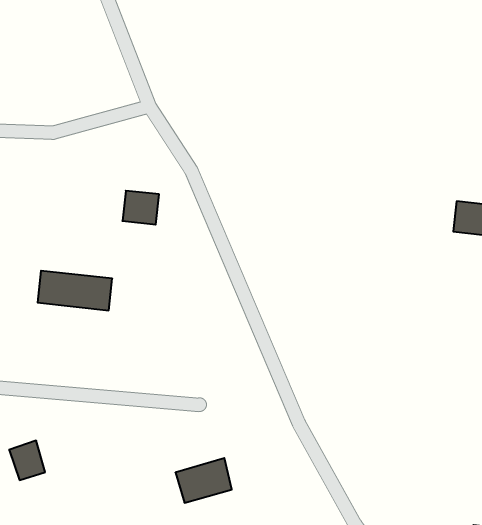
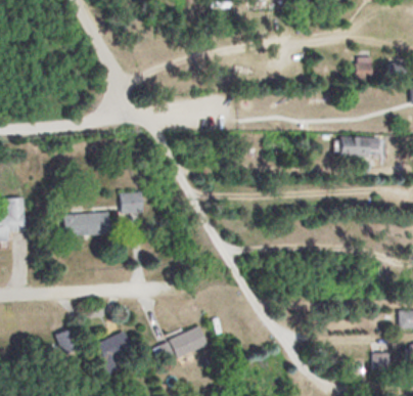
building: [122,191,159,225] -> [123,193,145,214]
building: none -> [97,333,136,364]

